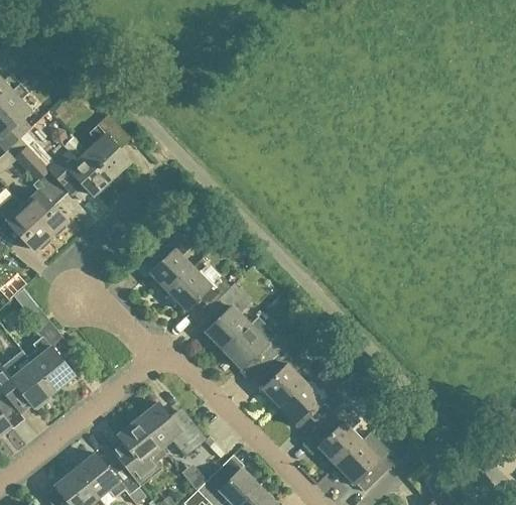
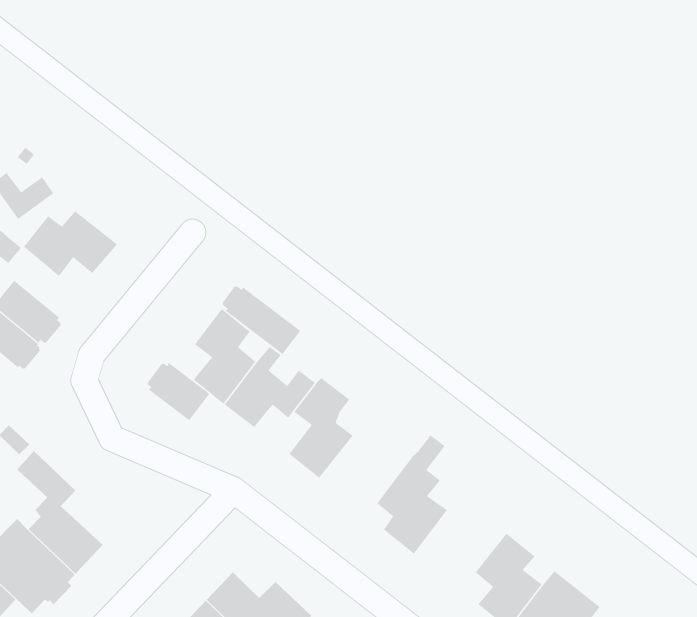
building: [86,115,129,177] -> none
building: none -> [222,286,301,355]
building: none -> [147,362,210,421]
building: [223,317,289,369] -> none
building: [278,374,341,426] -> none

